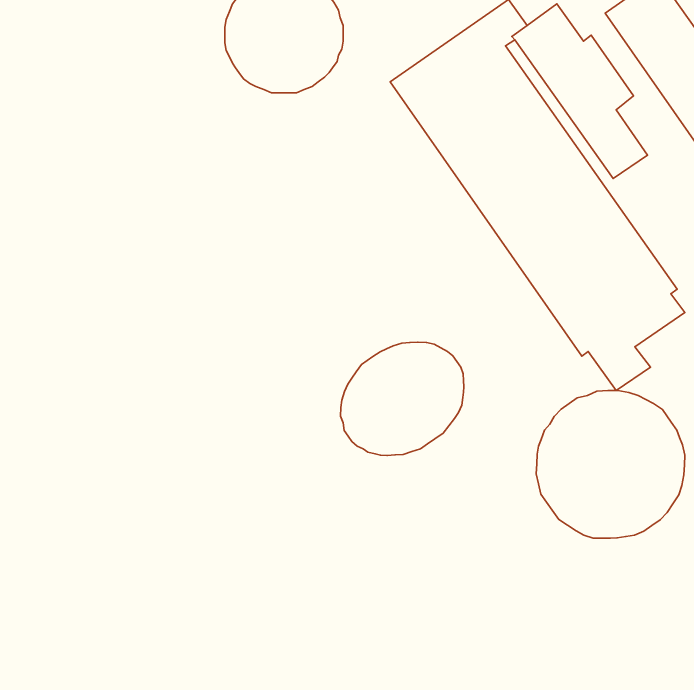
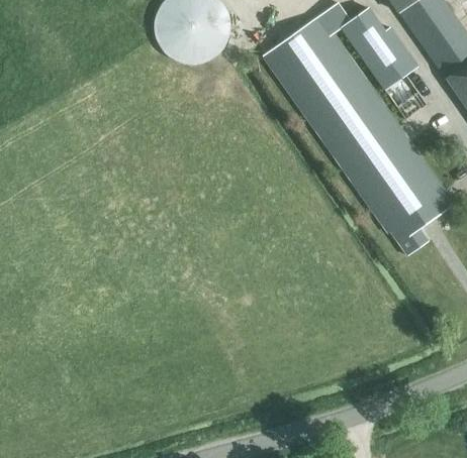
building: [341,342,464,456] -> none
building: [536,390,685,538] -> none

